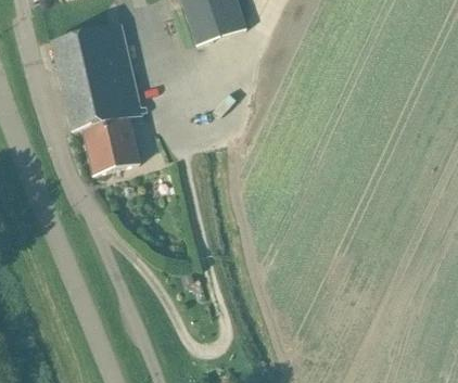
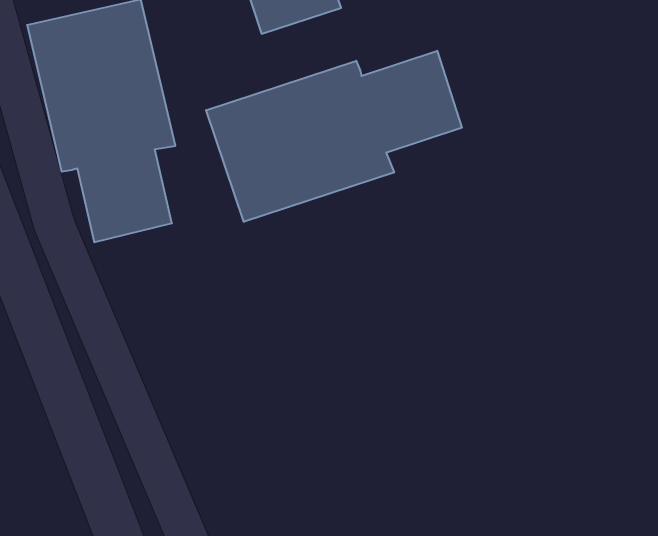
building: none -> [206,51,462,222]

